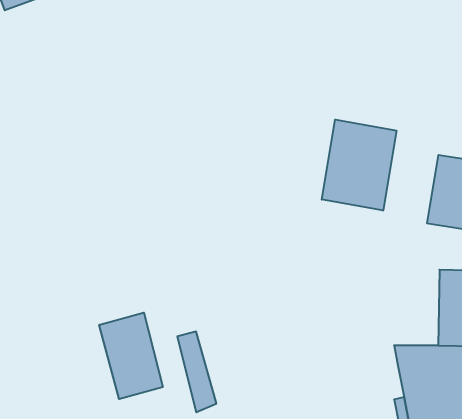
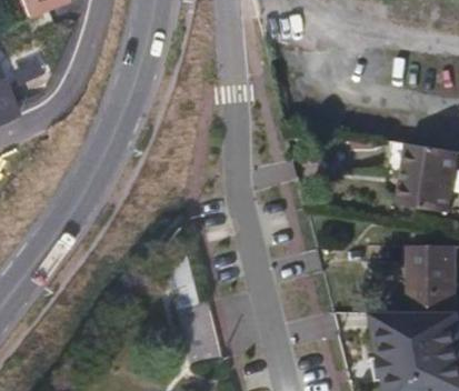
building: [322,120,396,211] -> none
building: [99,313,163,399] -> none

